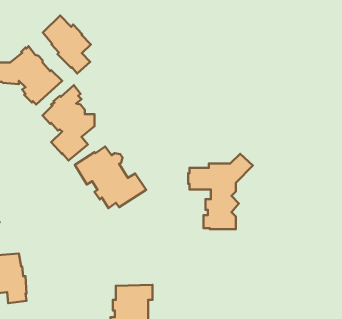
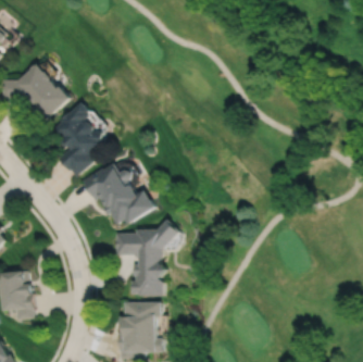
building: [43,16,91,73] -> none
building: [188,154,253,229] -> [115,219,180,295]

